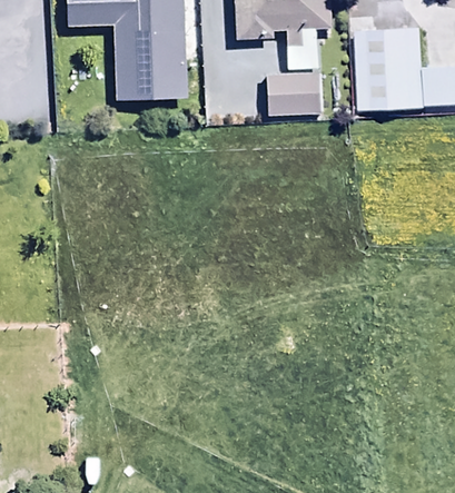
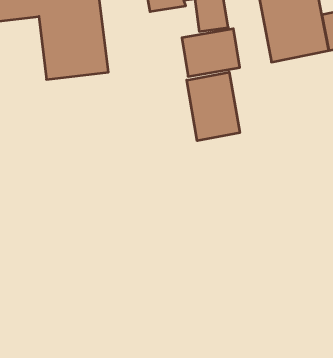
building: none -> [187,72,240,141]

